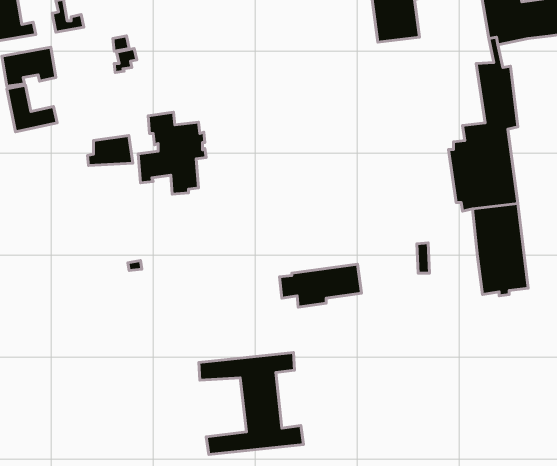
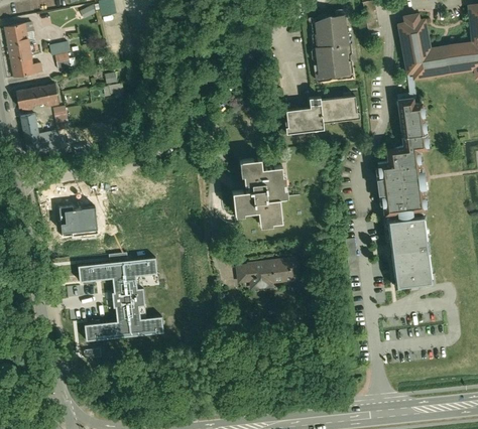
building: none -> [283,95,359,136]
building: [138,112,206,194] -> [233,161,287,227]
building: [87,135,133,166] -> [62,207,98,232]
building: [199,352,303,455] -> [80,259,163,340]

